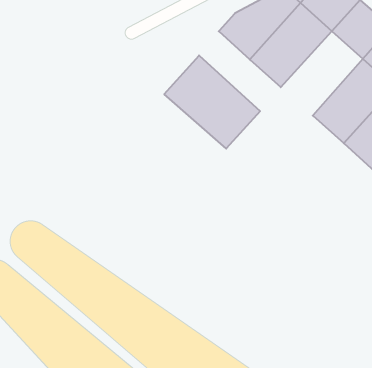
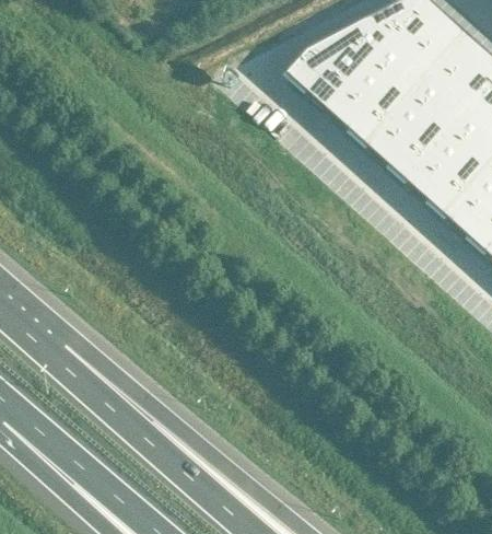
building: none -> [366,69,470,176]
building: [164,55,260,149] -> none

